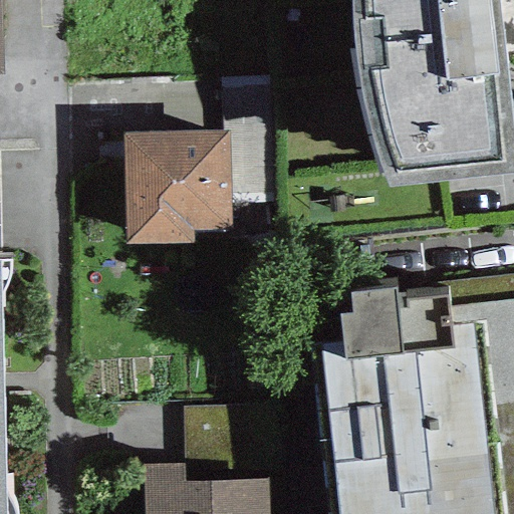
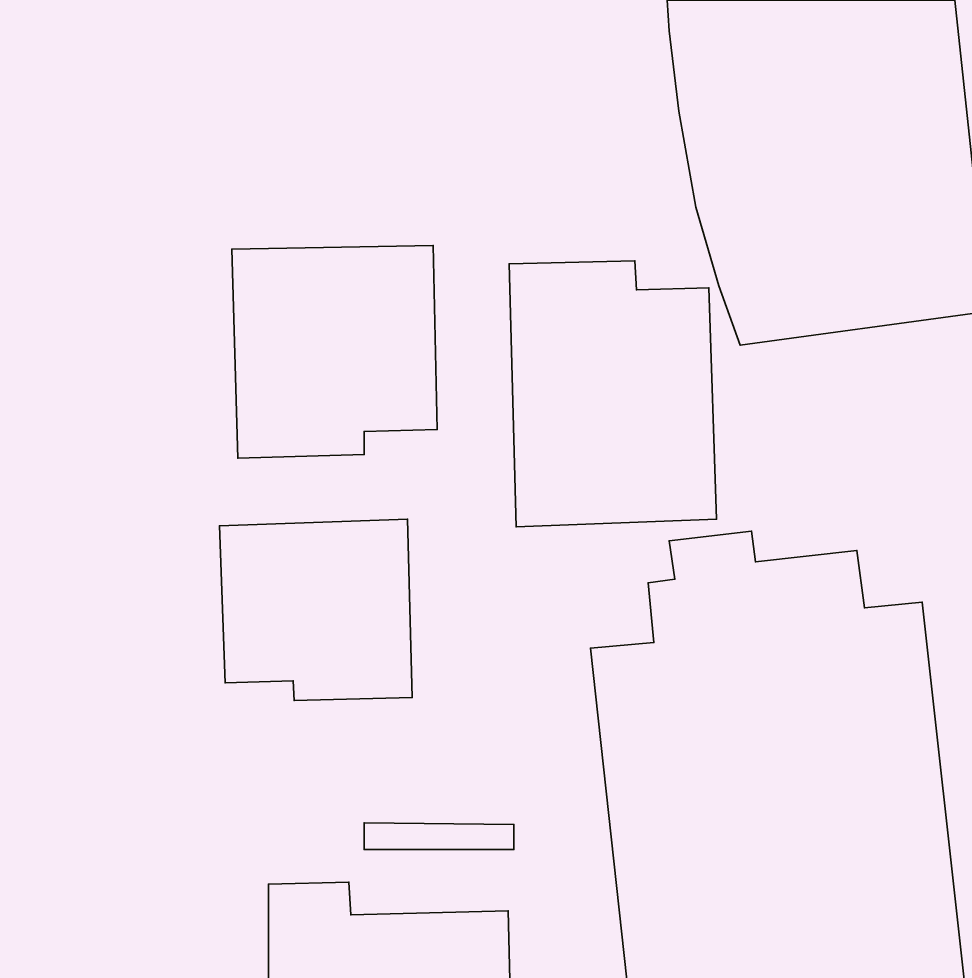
building: none -> [509,261,716,527]
building: none -> [220,519,412,700]

